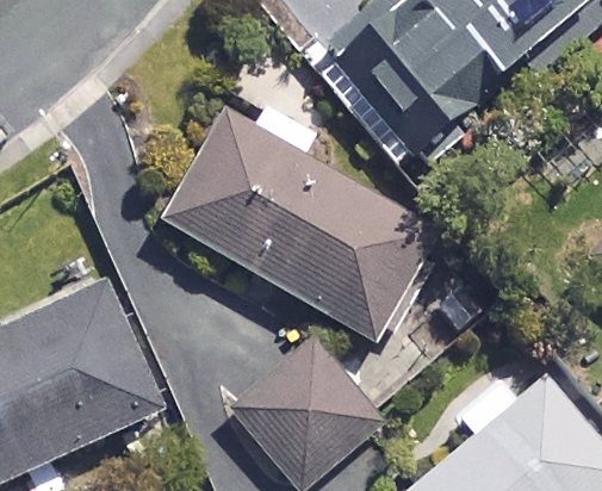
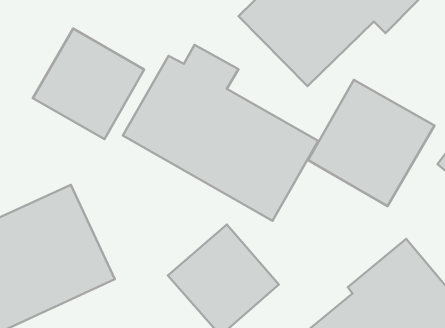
building: none -> [33,29,144,139]
building: none -> [308,80,434,206]

